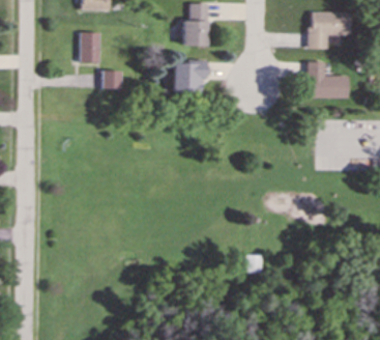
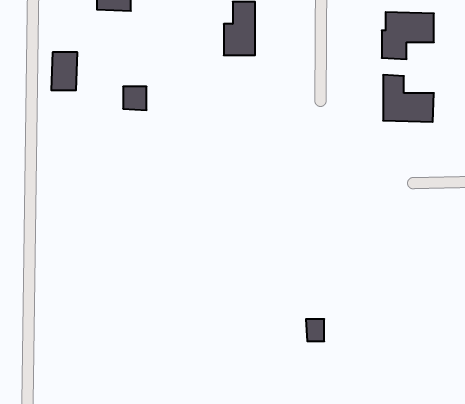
building: [80,32,100,62] -> [51,52,77,90]
building: [171,62,206,94] -> none

